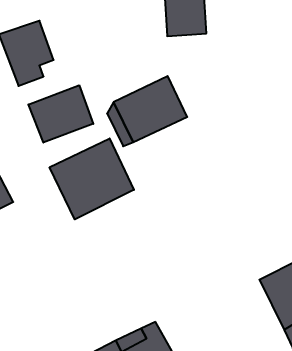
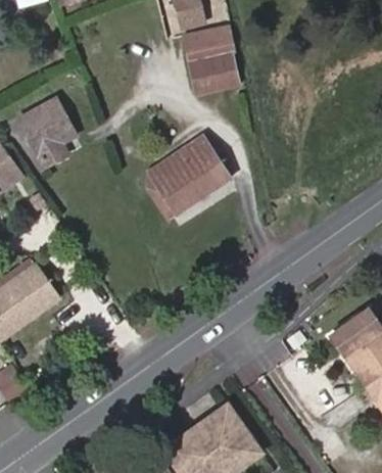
building: [28,85,93,143] -> none
building: [50,138,134,219] -> none

